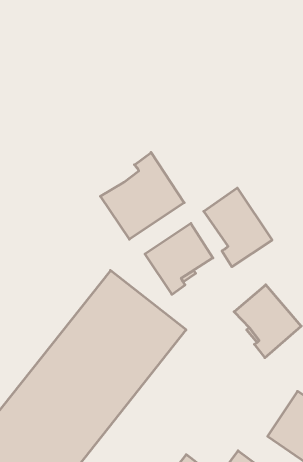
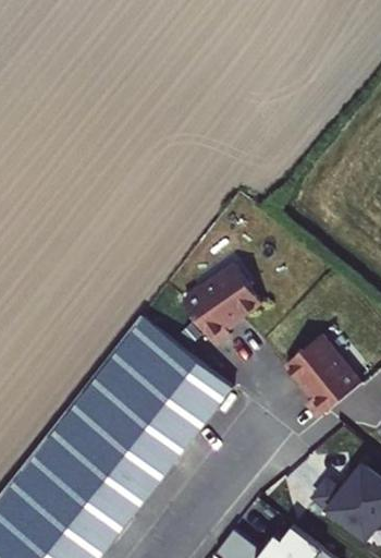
building: [100,152,184,239] -> none
building: [204,188,272,267] -> none

